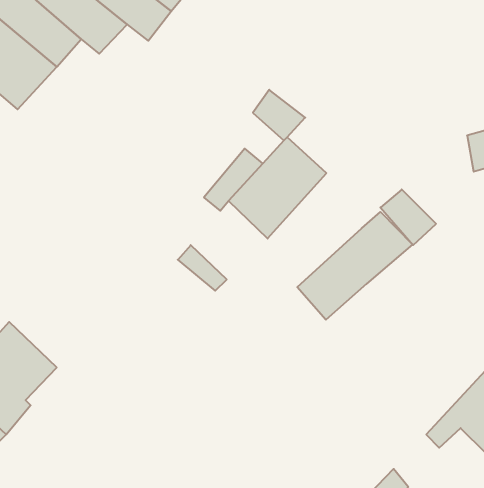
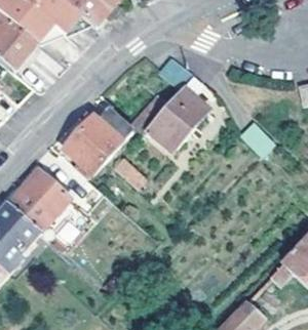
building: none -> [63,111,129,176]
building: [297,212,413,320] -> none
building: none -> [8,170,69,232]

